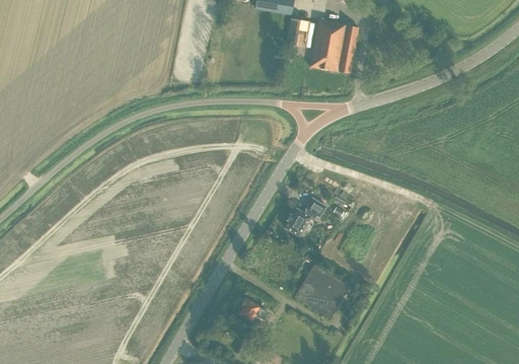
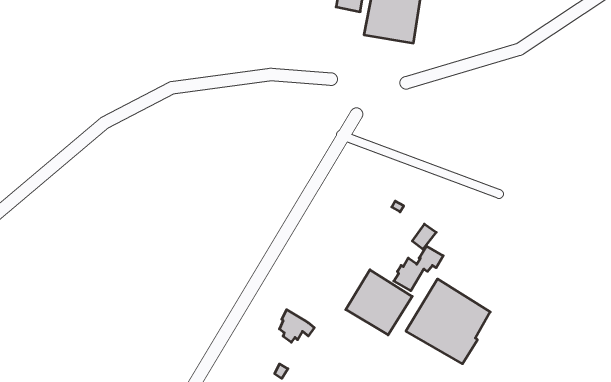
building: [284,198,325,235] -> [394,246,443,291]
building: none -> [406,279,490,364]

